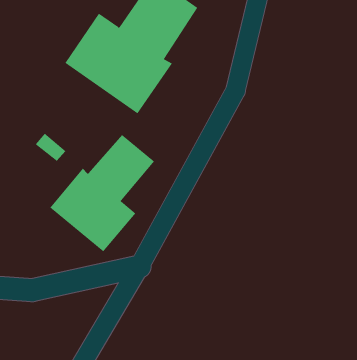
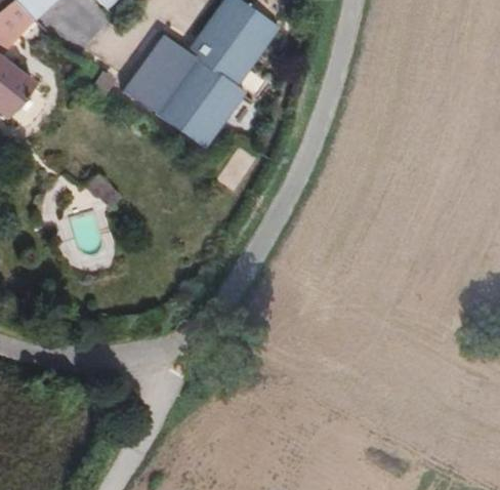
building: [49,134,155,252] -> none

